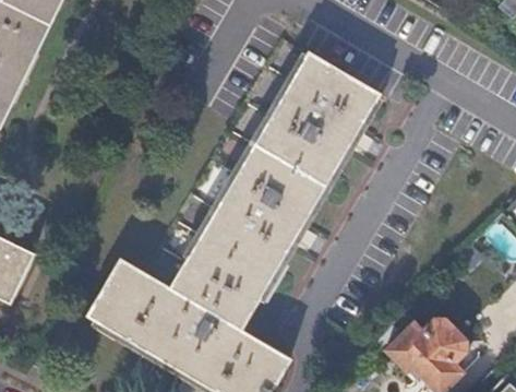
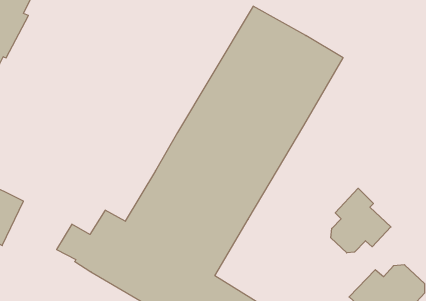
building: none -> [331,188,391,253]

